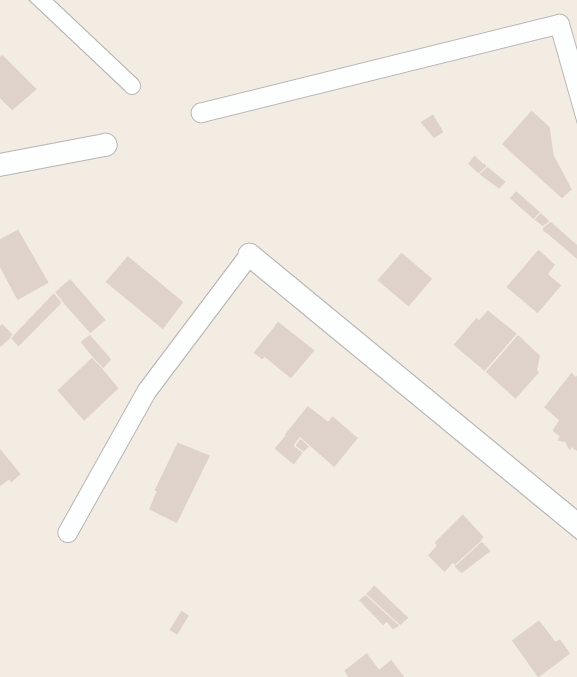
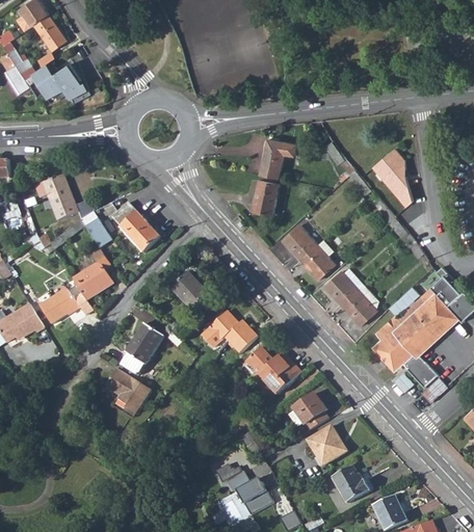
building: none -> [259,137,295,178]
building: none -> [252,179,278,213]
building: [506,249,562,314] -> [298,238,334,278]
building: [252,321,316,379] -> [167,271,207,309]
building: none -> [40,289,91,324]
building: none -> [243,346,300,393]
building: none -> [105,368,151,416]
building: none -> [307,426,345,464]

